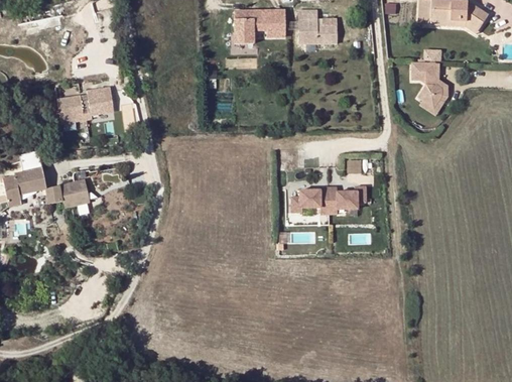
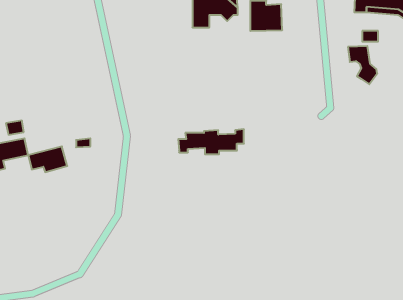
building: [420,62,450,116] -> none
building: [60,84,117,132] -> none
building: [289,184,364,213] -> [178,129,244,154]

